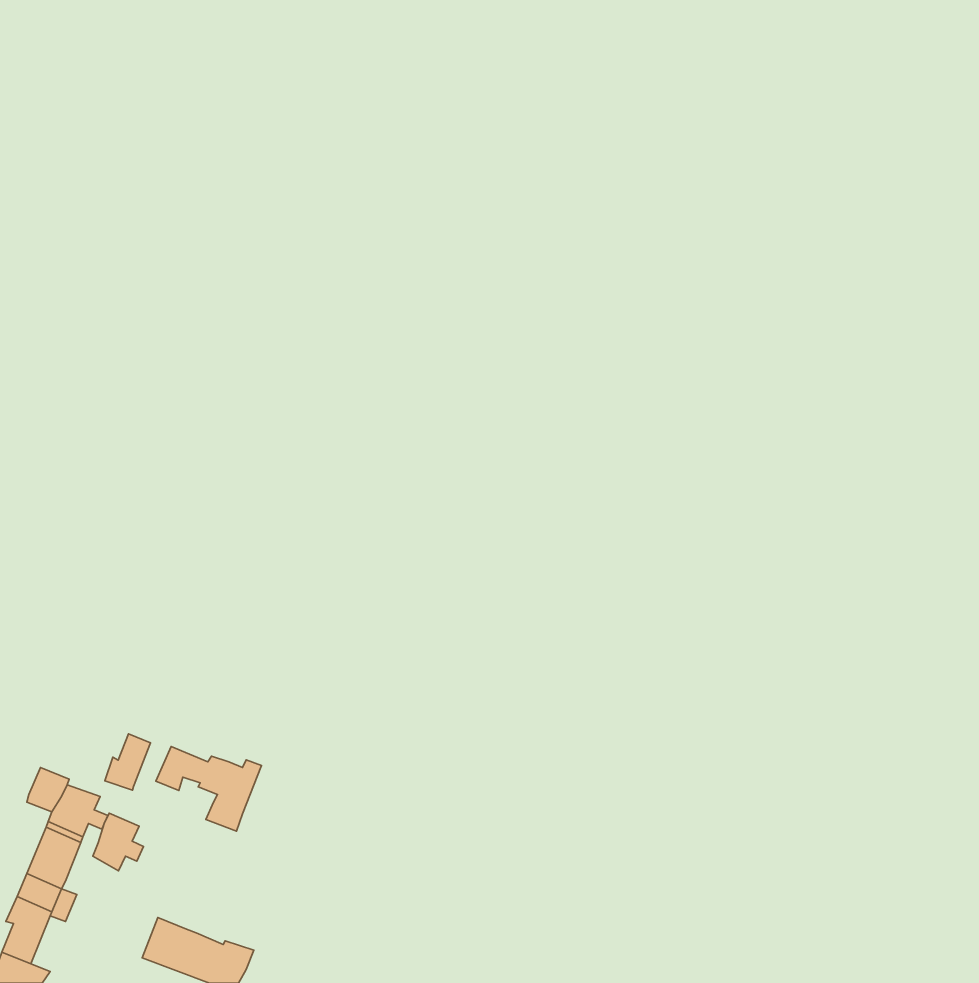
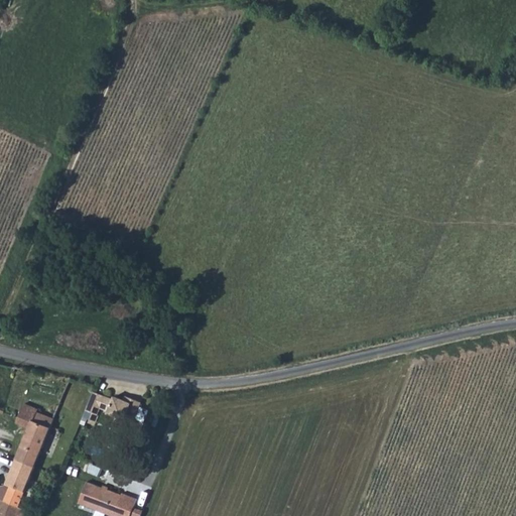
building: [105,734,151,790] -> none
building: [93,813,144,871] -> none

